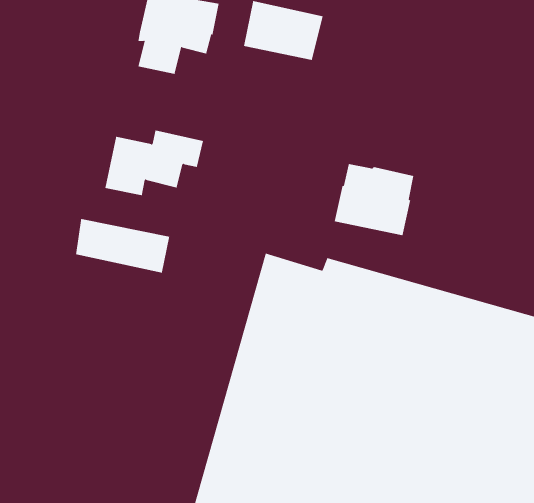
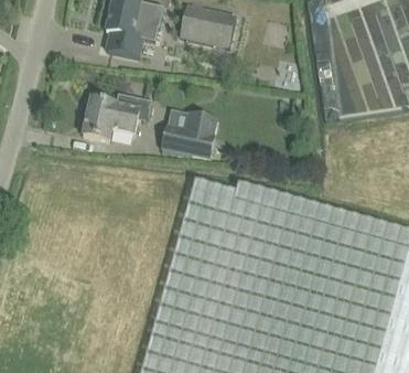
building: [334,163,414,236] -> [162,110,218,161]
building: [75,218,170,273] -> none

